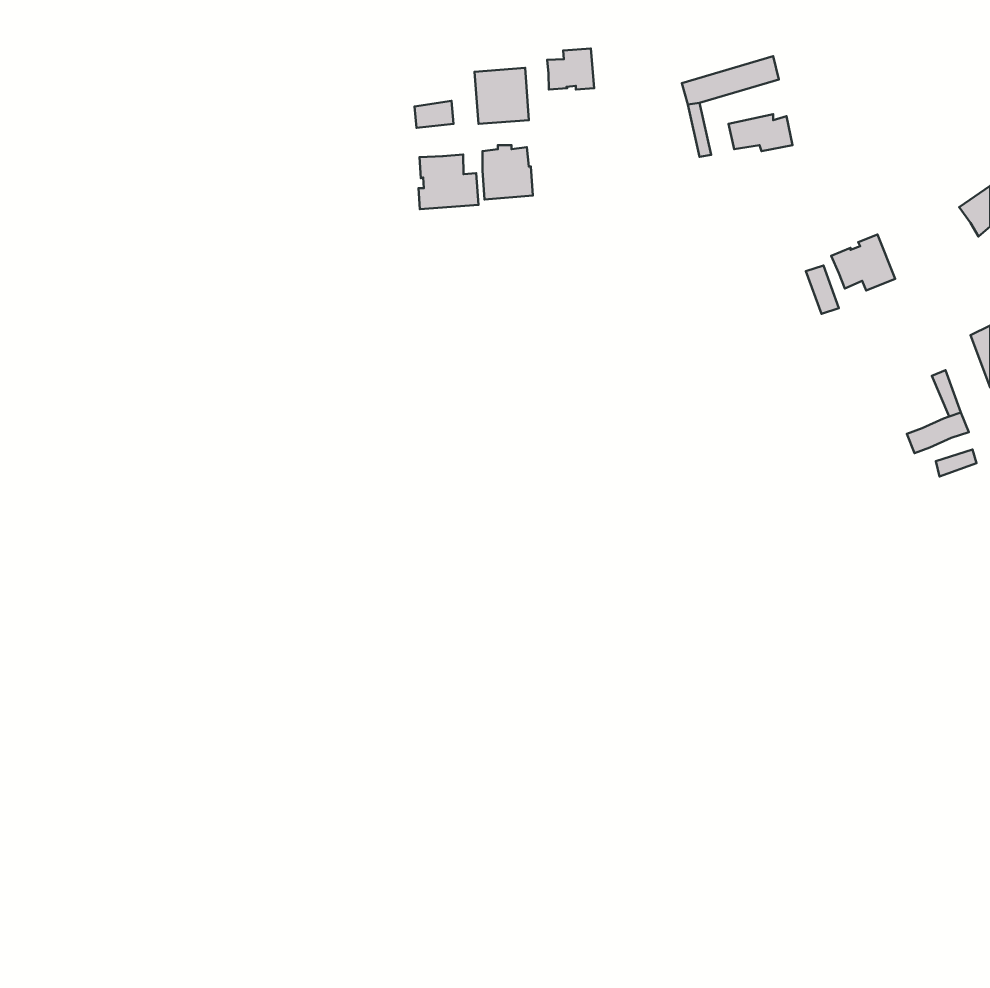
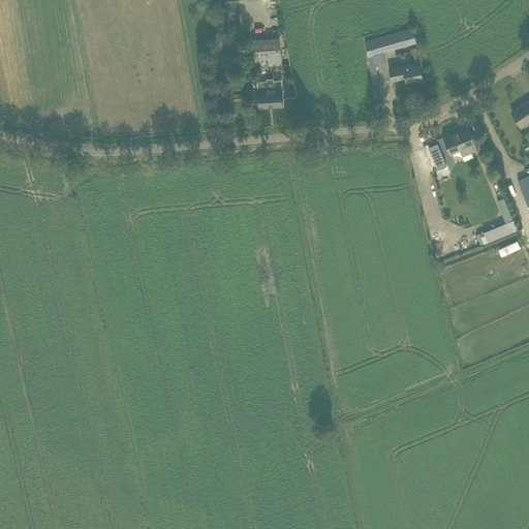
building: [547,48,594,90] -> none
building: [419,155,478,209] -> none

